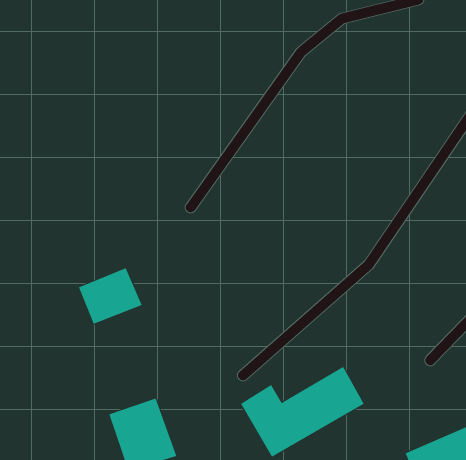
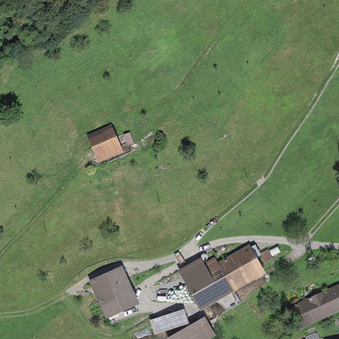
building: [78,268,143,325] -> [85,125,128,163]

